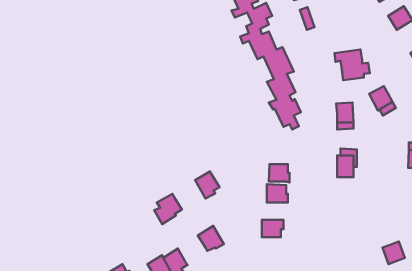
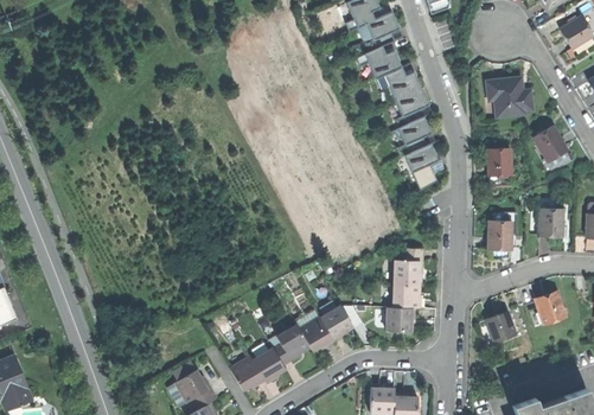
building: none -> [539,206,562,235]
building: [269,164,289,182] -> [391,283,420,308]
building: [195,172,220,198] -> [319,304,352,340]
building: [154,194,182,224] -> [270,324,308,365]
building: none -> [485,311,515,341]
building: [382,241,405,264] -> [535,293,566,324]

